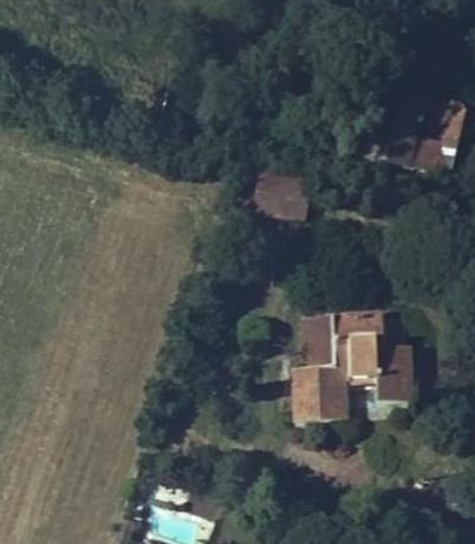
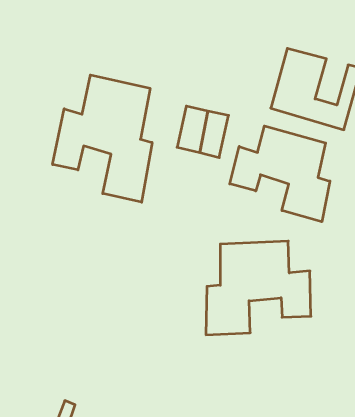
building: none -> [53,75,152,202]
building: none -> [230,126,330,222]

